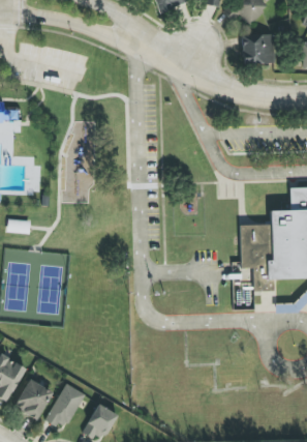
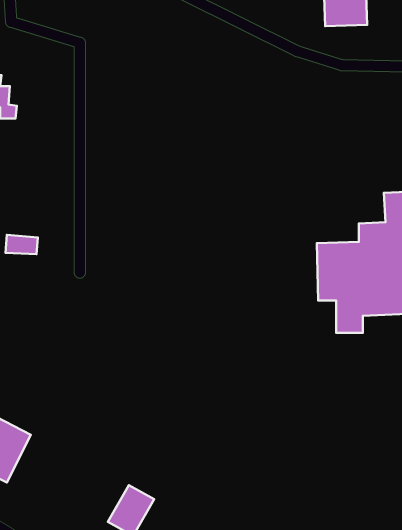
building: [14,379,53,419] -> none
building: [44,383,86,426] -> none

